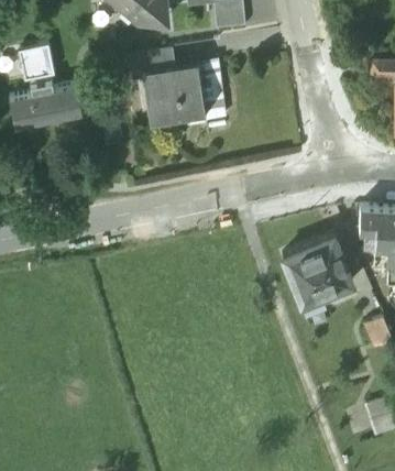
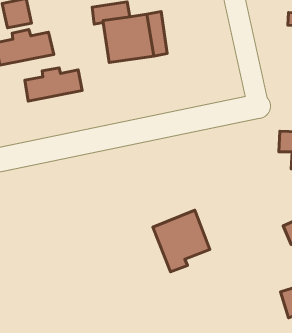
building: none -> [25,68,82,101]
building: [283,236,353,311] -> [153,210,210,272]

